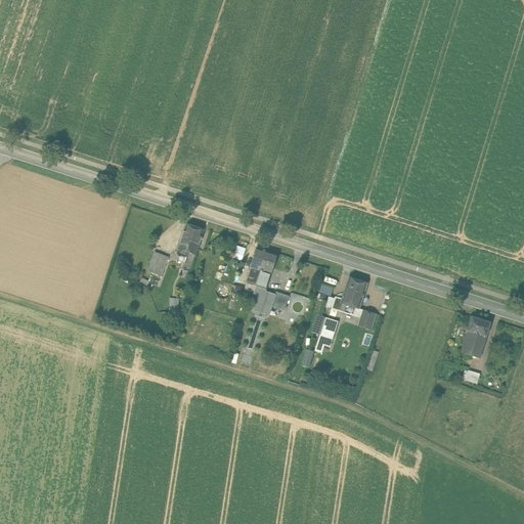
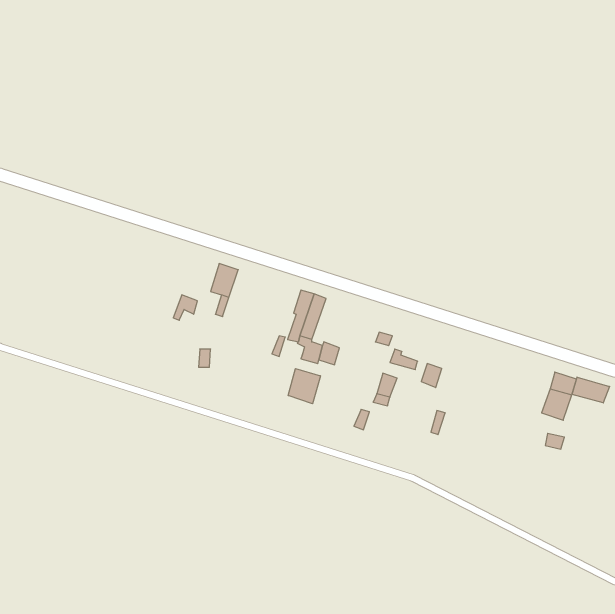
building: [341,276,366,308] -> none
building: none -> [288,369,320,404]
building: none -> [572,377,610,403]

